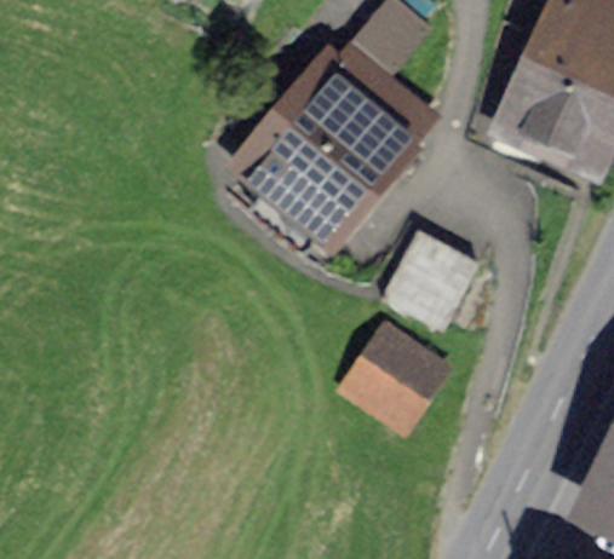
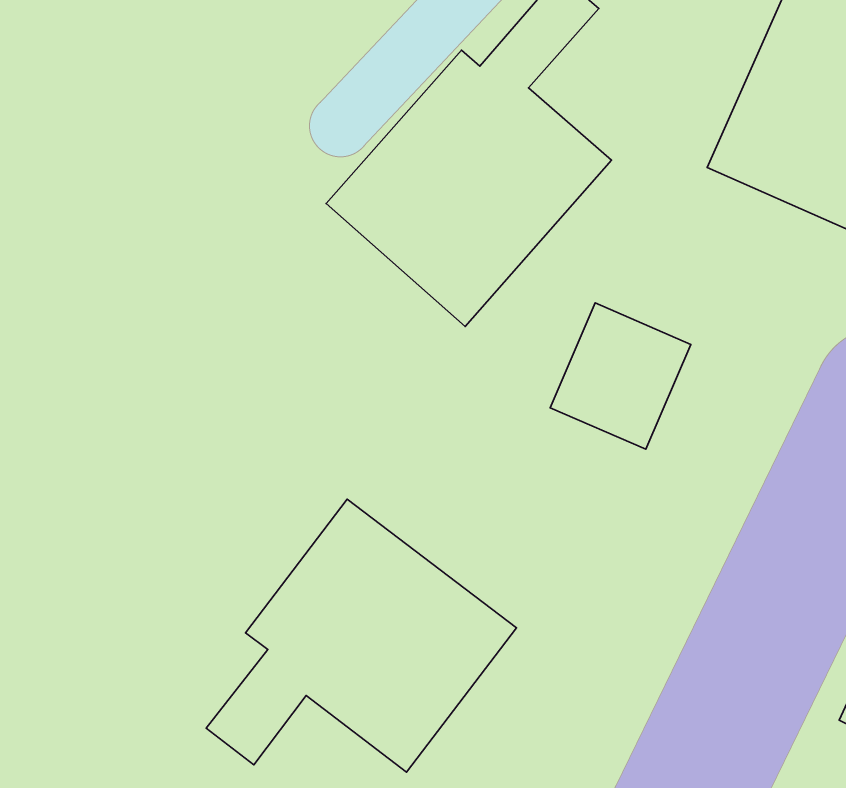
building: [343,323,447,426] -> none
building: none -> [206,499,516,772]

